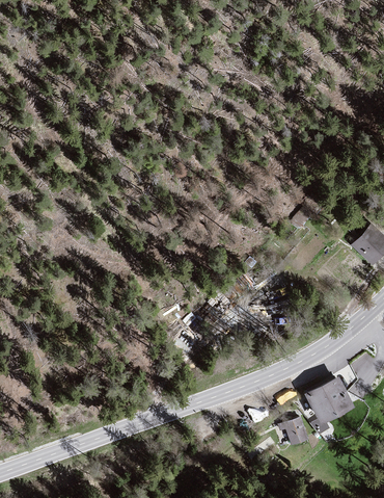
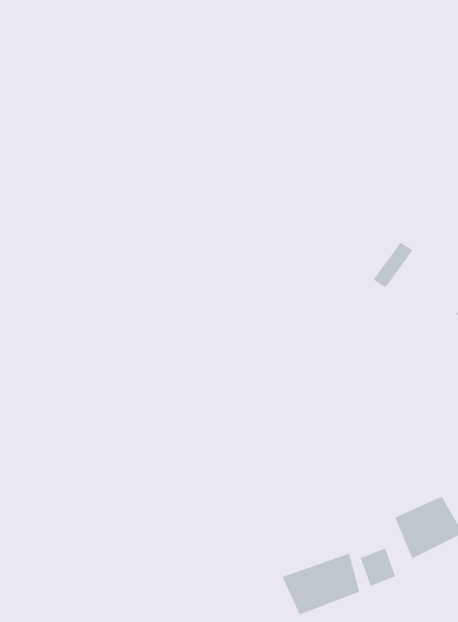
building: none -> [282,553,360,615]

